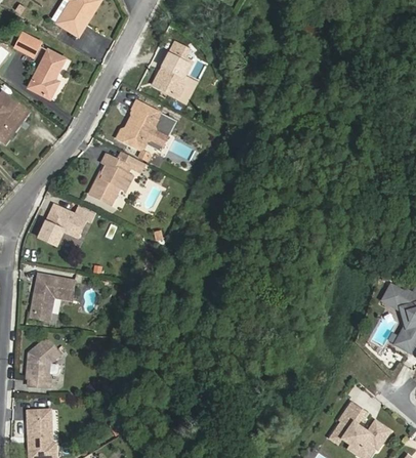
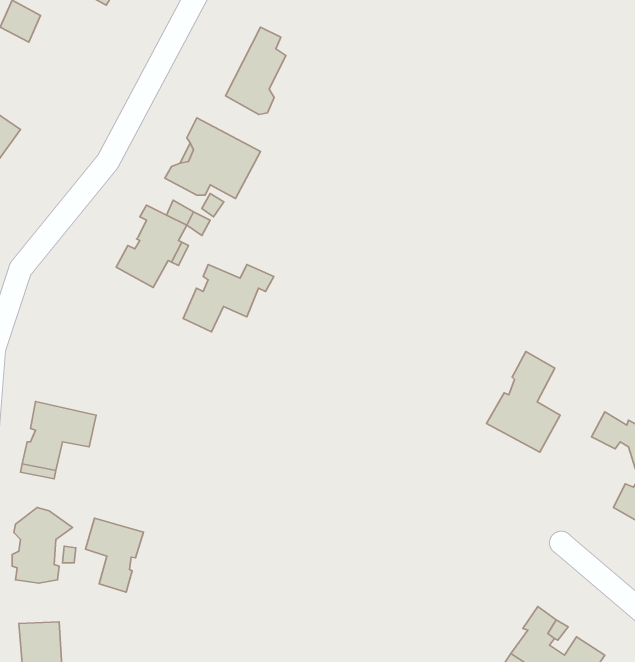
building: [31,47,65,95] -> none
building: [38,205,93,246] -> [183,265,274,332]
building: none -> [487,352,560,452]
building: none -> [86,518,144,592]

